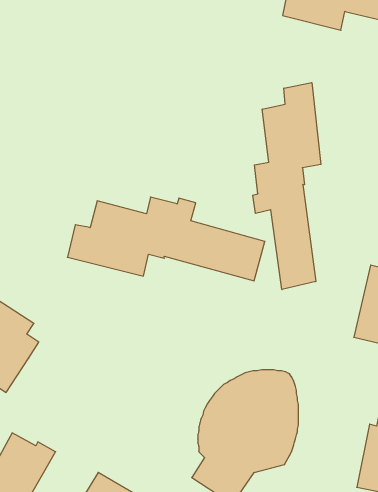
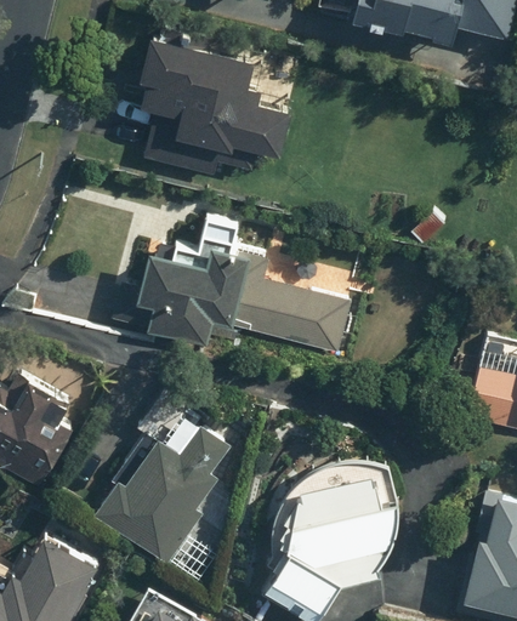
building: none -> [138,39,288,175]
building: [253,83,321,290] -> none
building: none -> [93,427,229,563]

